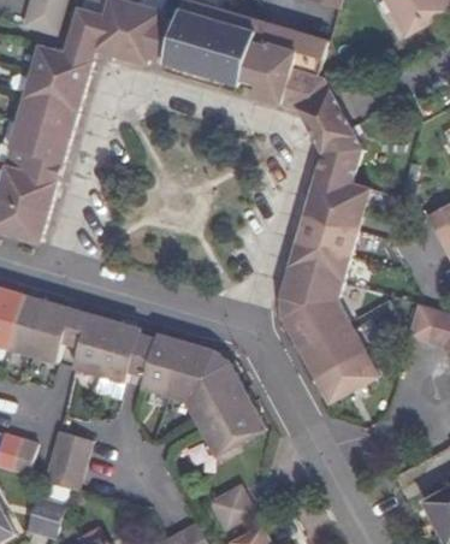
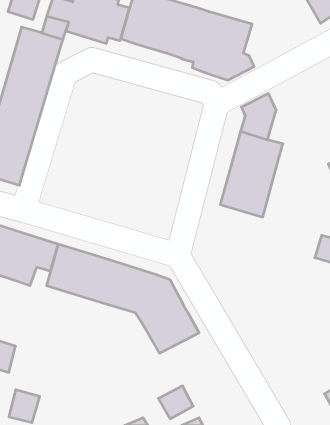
building: [298,93,349,143] -> none
building: [277,265,369,396] -> none
building: [43,427,89,487] -> none

